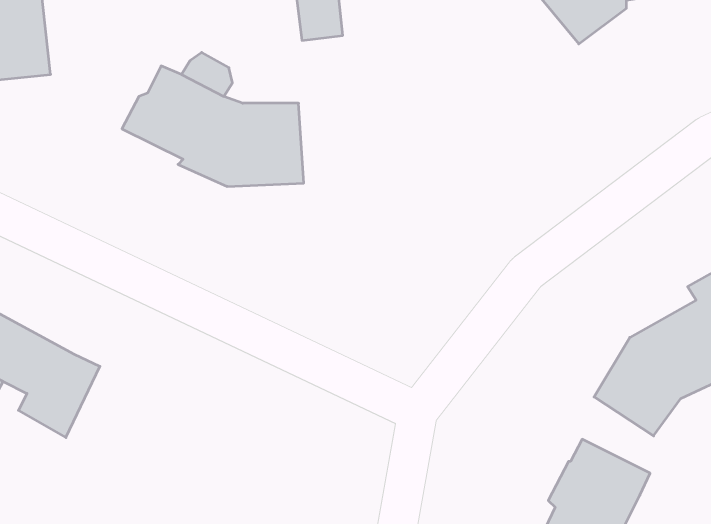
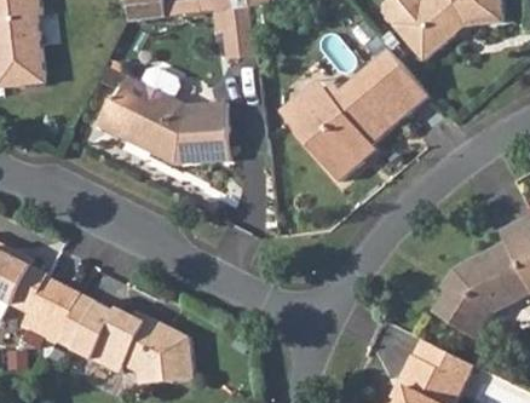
building: none -> [284,48,426,182]
building: none -> [73,303,186,379]

